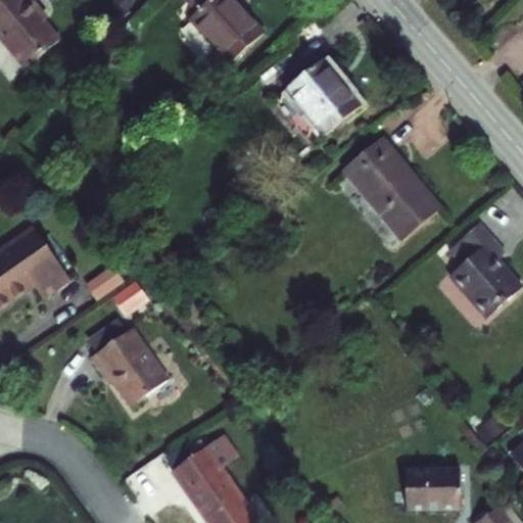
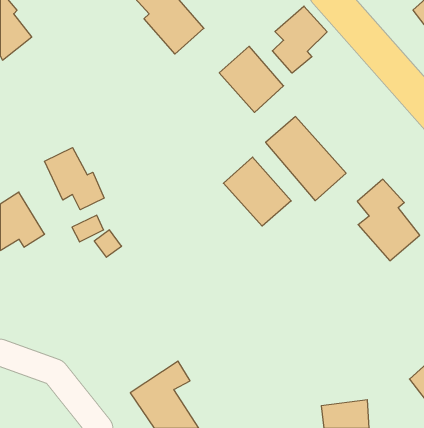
building: none -> [272,6,327,73]
building: none -> [45,148,104,210]
building: none -> [223,157,291,226]
building: [82,323,156,396] -> none

